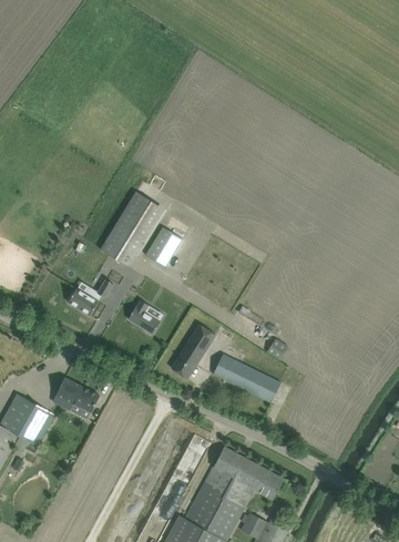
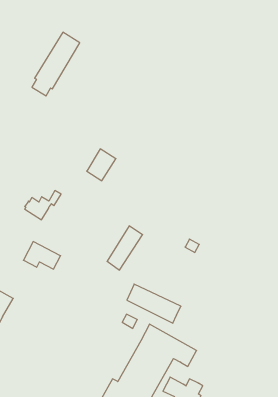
building: [96,192,156,272] -> [32,32,80,96]
building: [127,300,160,334] -> none
building: [213,355,280,403] -> [127,284,181,323]
building: [52,378,99,412] -> [23,242,61,269]

